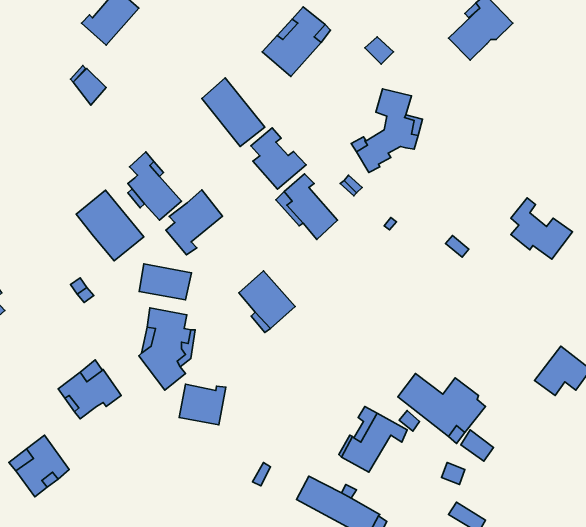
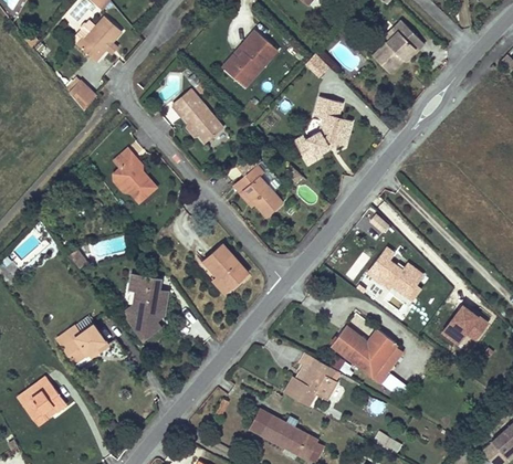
building: [251,128,306,189] -> none
building: [166,190,222,255] -> none
building: [76,190,144,261] -> none
building: [511,198,572,259] -> [374,247,423,297]
building: [139,264,192,300] -> none
building: [179,384,226,425] -> none

